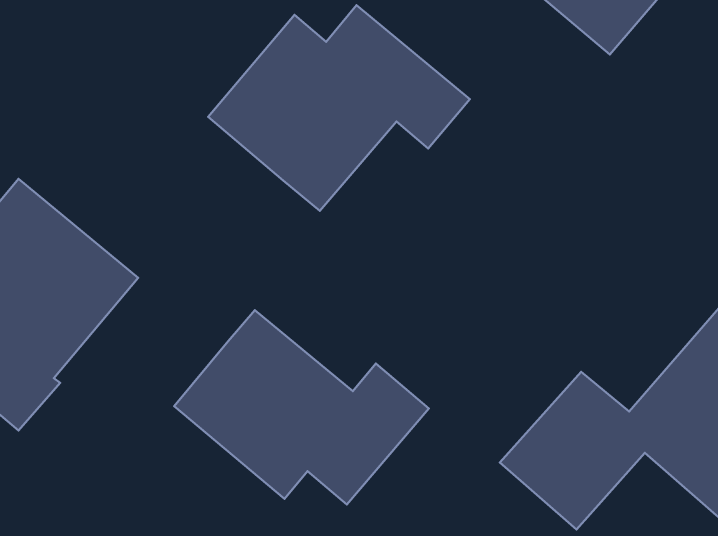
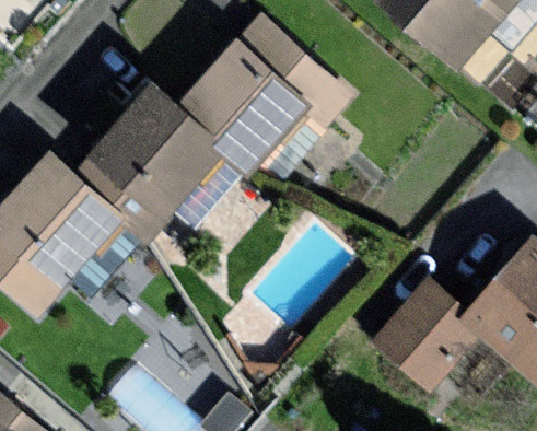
building: none -> [73,82,230,240]
building: [174,310,429,505] -> none

